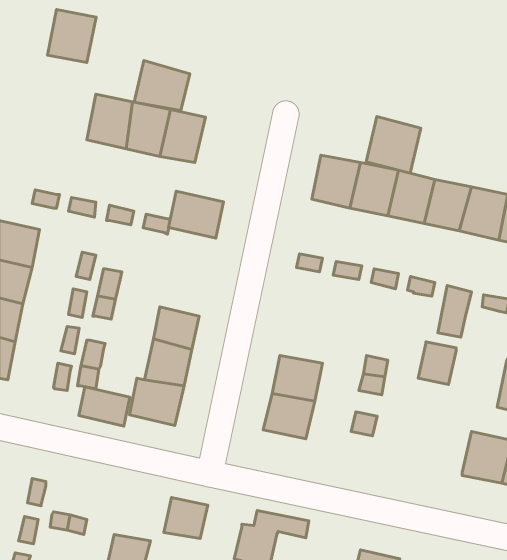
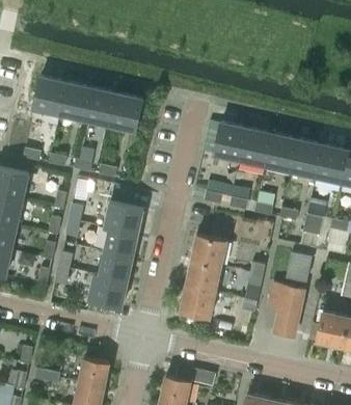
building: [47,9,96,63] -> [33,77,66,113]
building: [134,61,190,111] -> none
building: [366,117,421,173] -> none
building: [169,191,223,238] -> [105,201,142,234]
building: none -> [192,236,226,266]
building: [79,387,130,426] -> none
building: none -> [269,284,305,338]
building: [164,498,208,539] -> [79,359,109,387]

